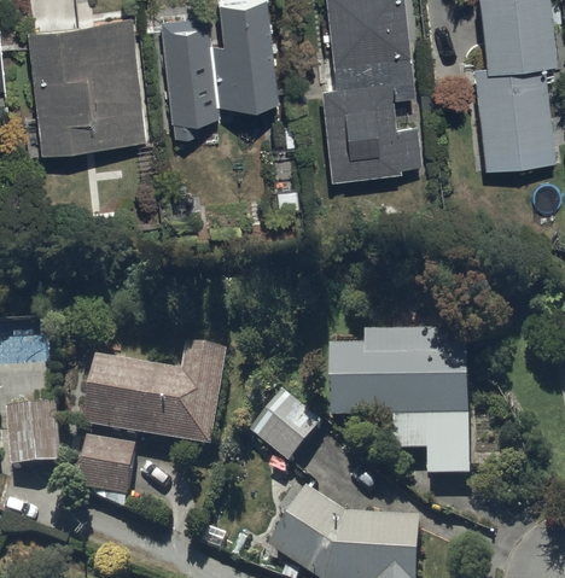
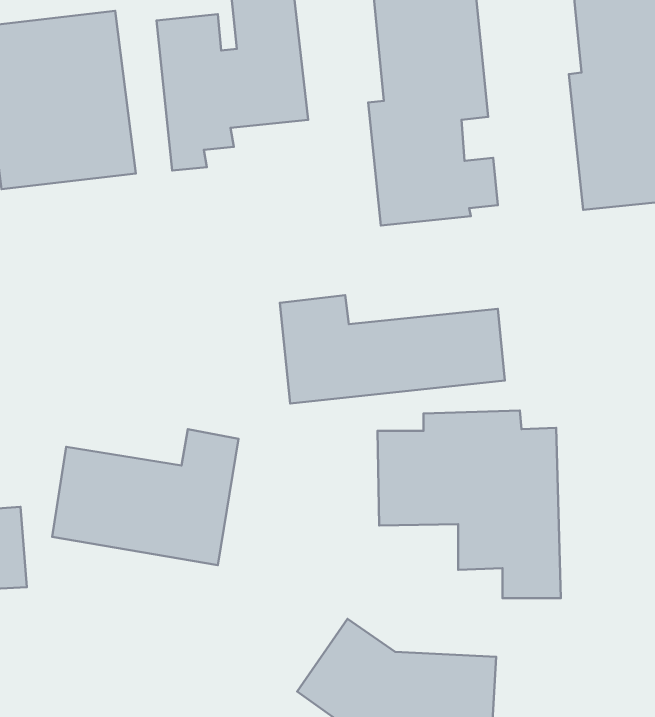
building: none -> [280,295,505,404]
building: [247,387,320,461] -> none
building: [78,434,135,494] -> none

